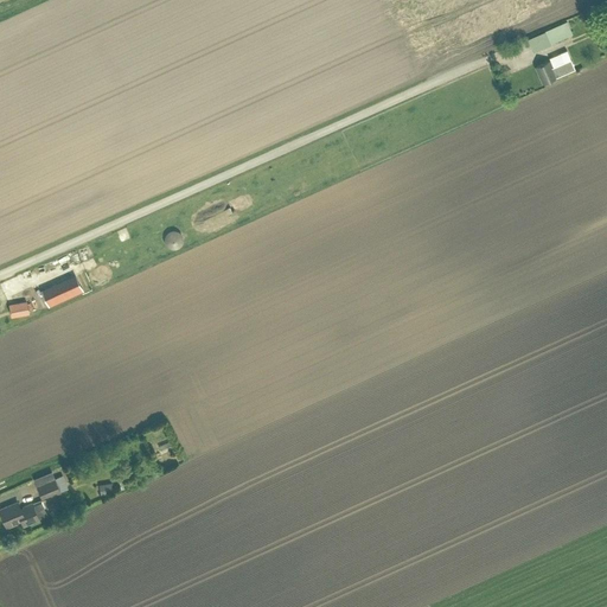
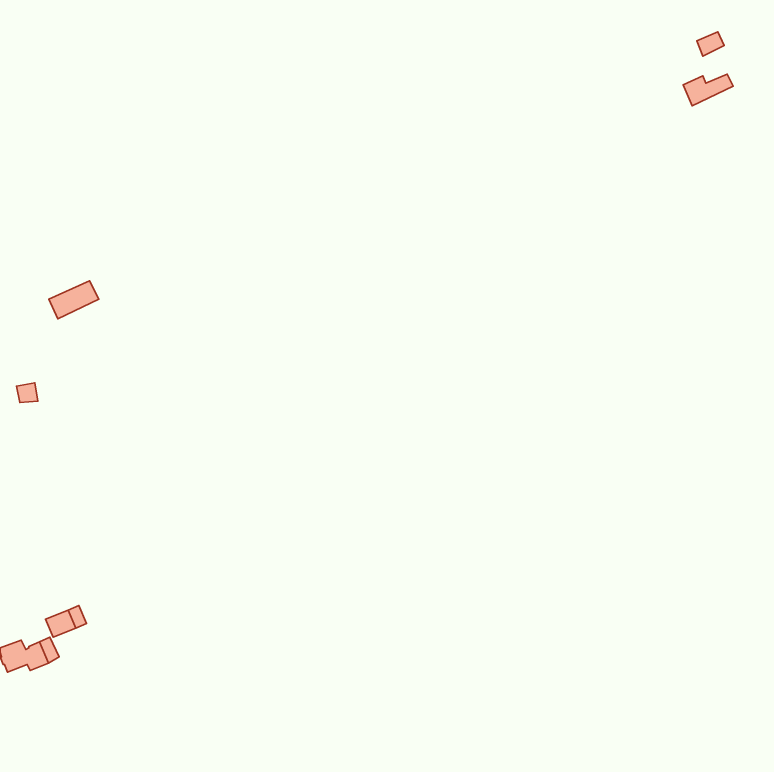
building: [43,277,82,307] -> [49,281,99,319]

